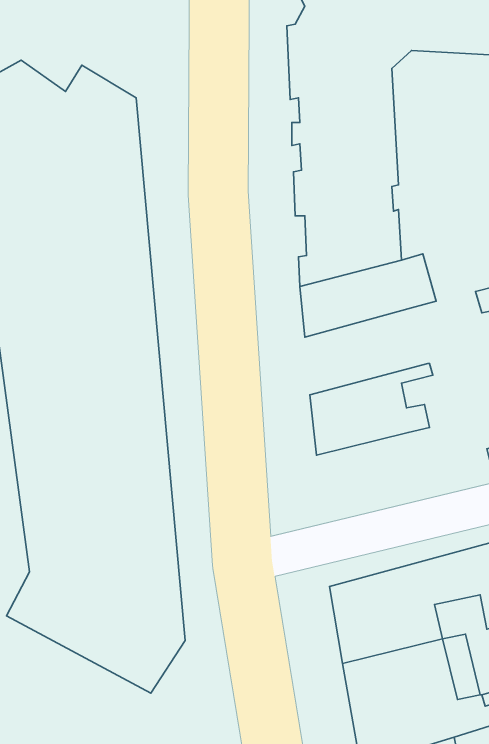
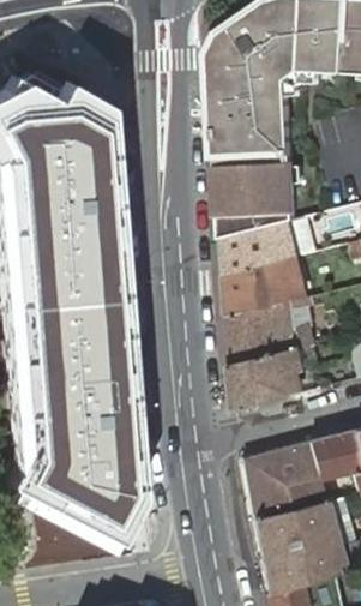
building: none -> [225,256,315,319]
building: none -> [234,347,307,410]

